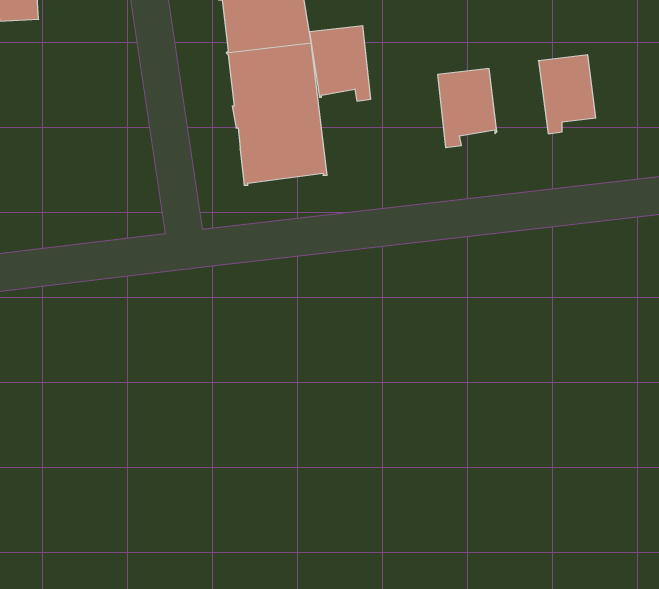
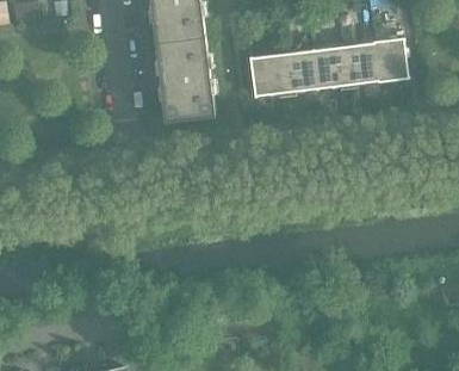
building: [310,26,371,101] -> [248,52,285,98]
building: none -> [371,37,407,80]
building: none -> [311,44,347,89]

